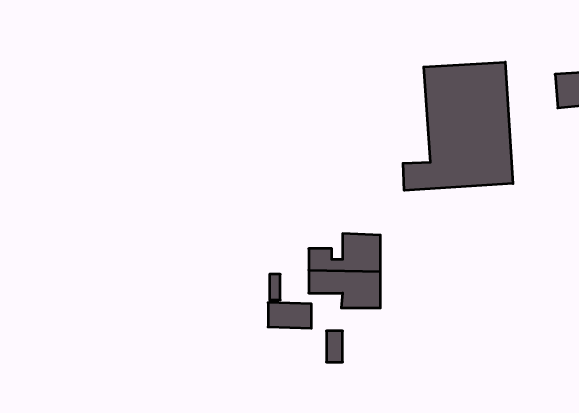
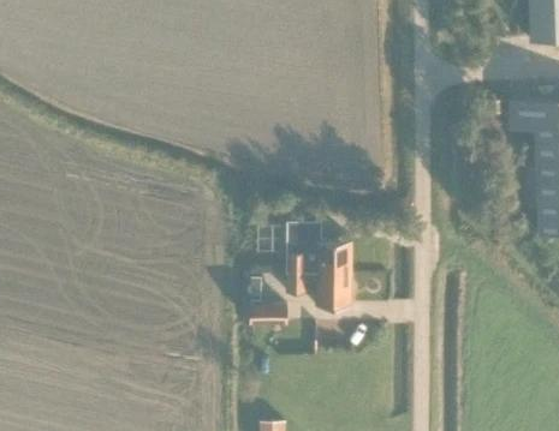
building: [403,62,513,190] -> none

